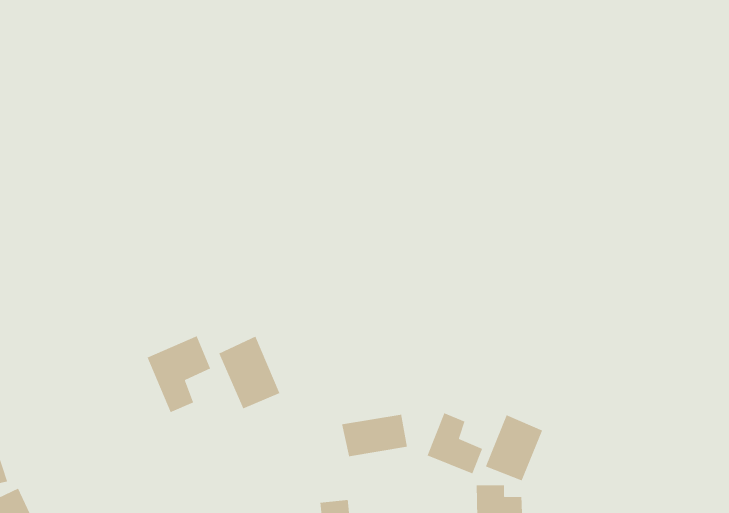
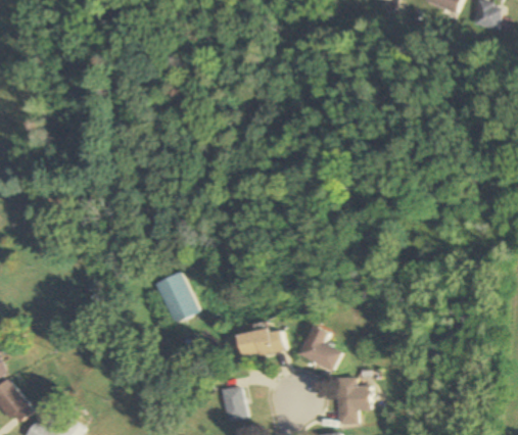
building: [146,335,211,413] -> none
building: [485,414,543,482] -> none

